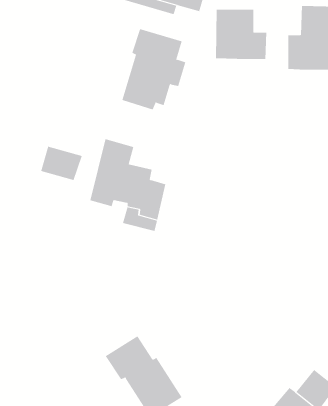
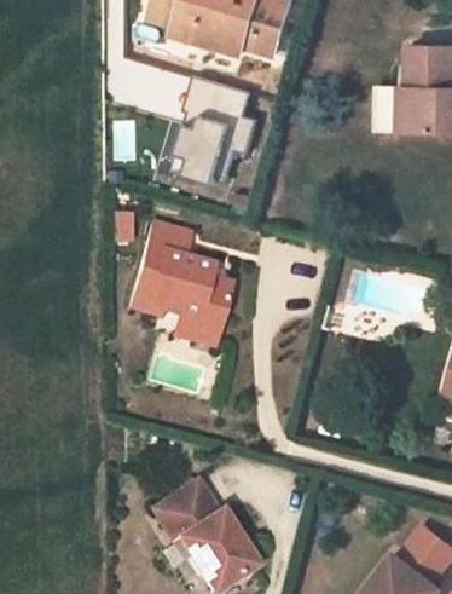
building: [216,9,267,60] -> none
building: [41,146,83,181] -> none

